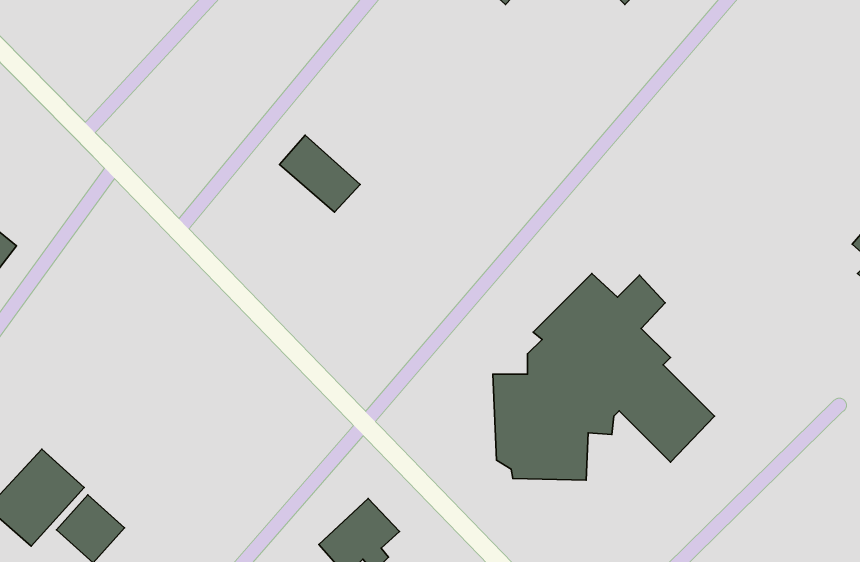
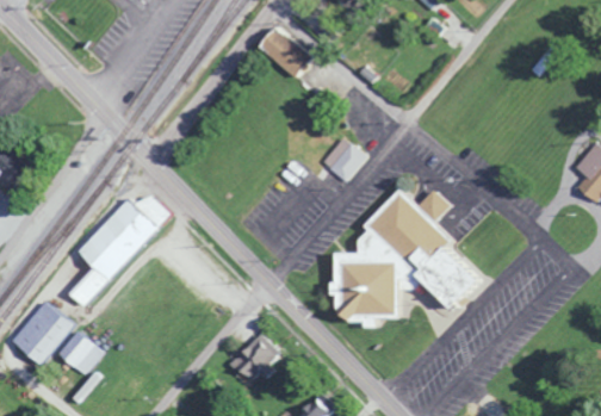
building: [280,135,360,212] -> [259,29,311,79]
building: none -> [317,137,361,182]
building: none -> [70,194,169,306]

